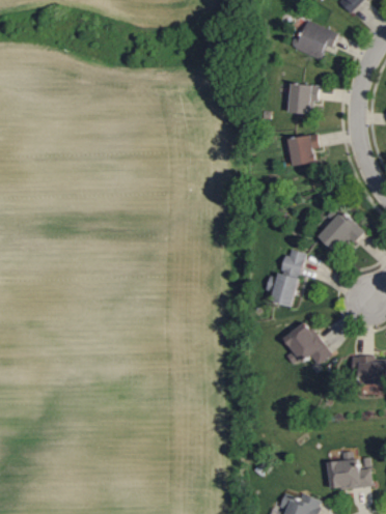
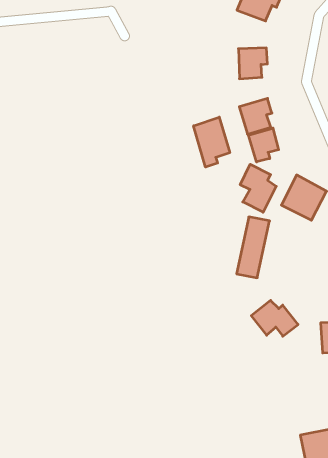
building: none -> [194,117,230,167]
building: none -> [249,128,279,162]
building: none -> [240,164,276,212]

